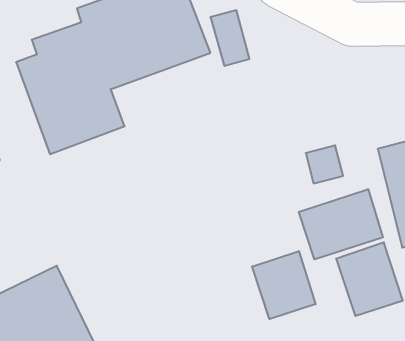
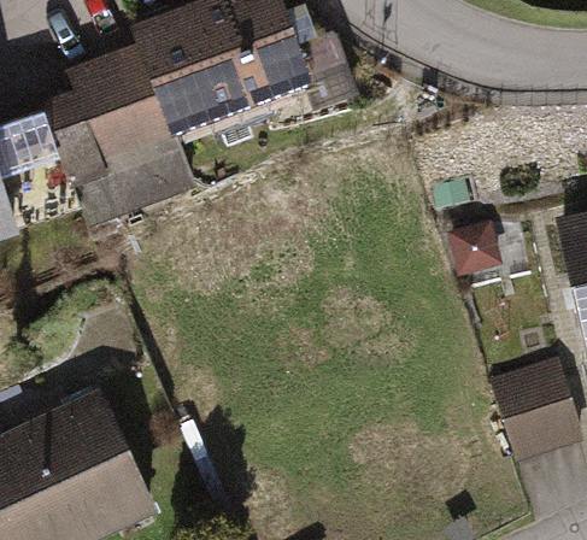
building: [299,189,383,259] -> none
building: [252,251,316,319] -> none

